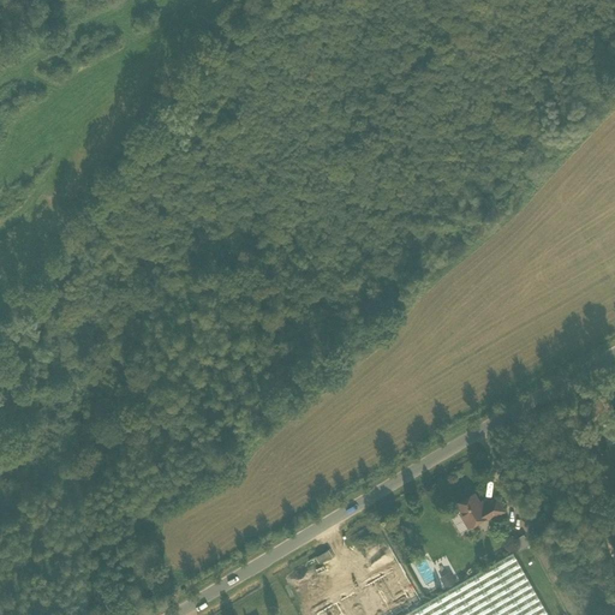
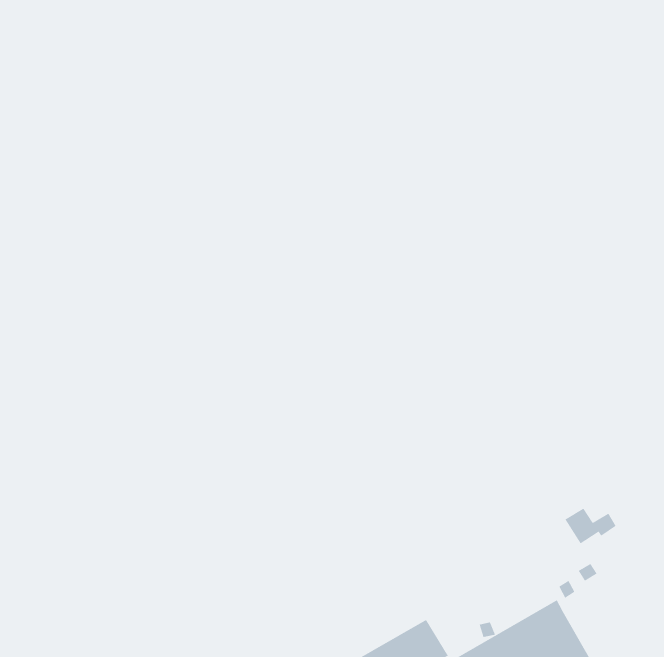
building: [459,502,507,536] -> [564,508,617,544]

